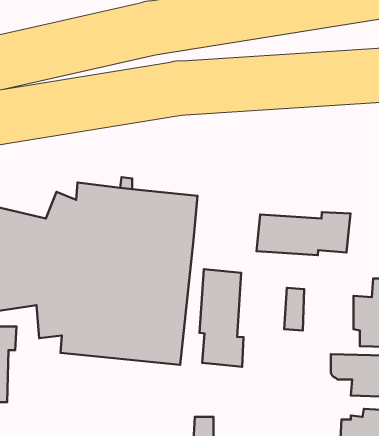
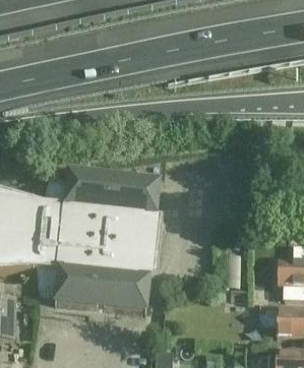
building: [256,212,350,255] -> none
building: [200,269,243,367] -> none

